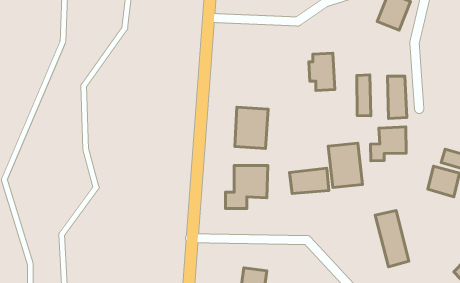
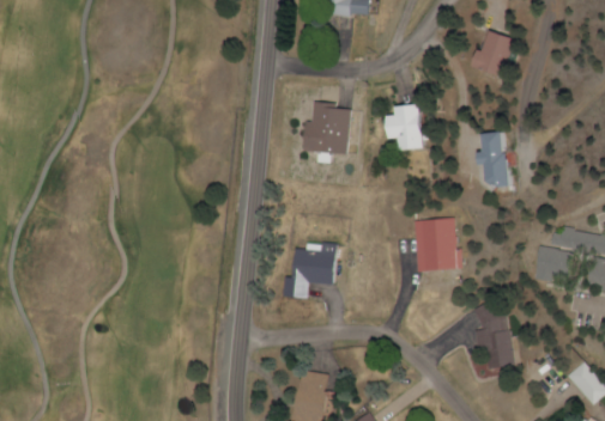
building: [357,75,371,116] -> none
building: [235,107,268,148] -> [305,102,347,153]
building: [370,127,406,161] -> none
building: [289,168,329,194] -> none

